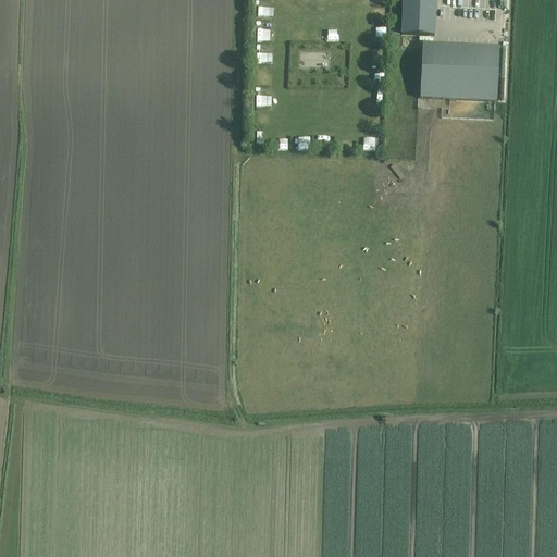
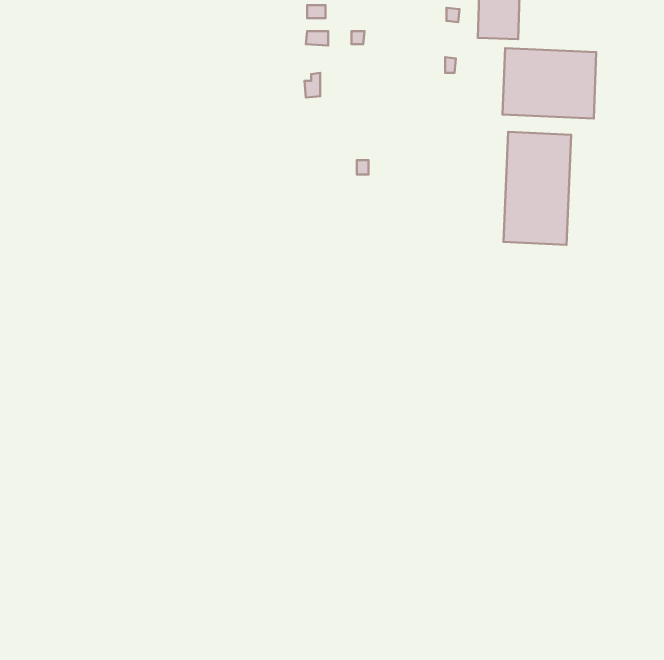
building: none -> [503,132,571,245]

